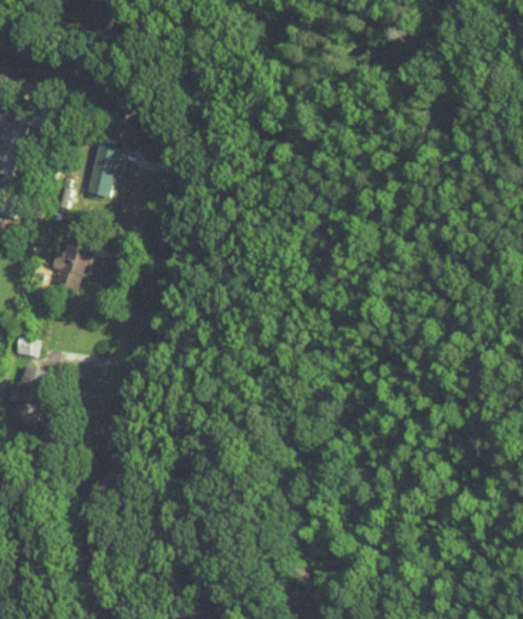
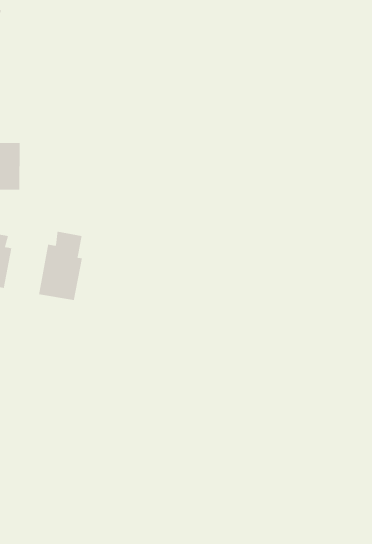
building: none -> [38,231,82,301]

